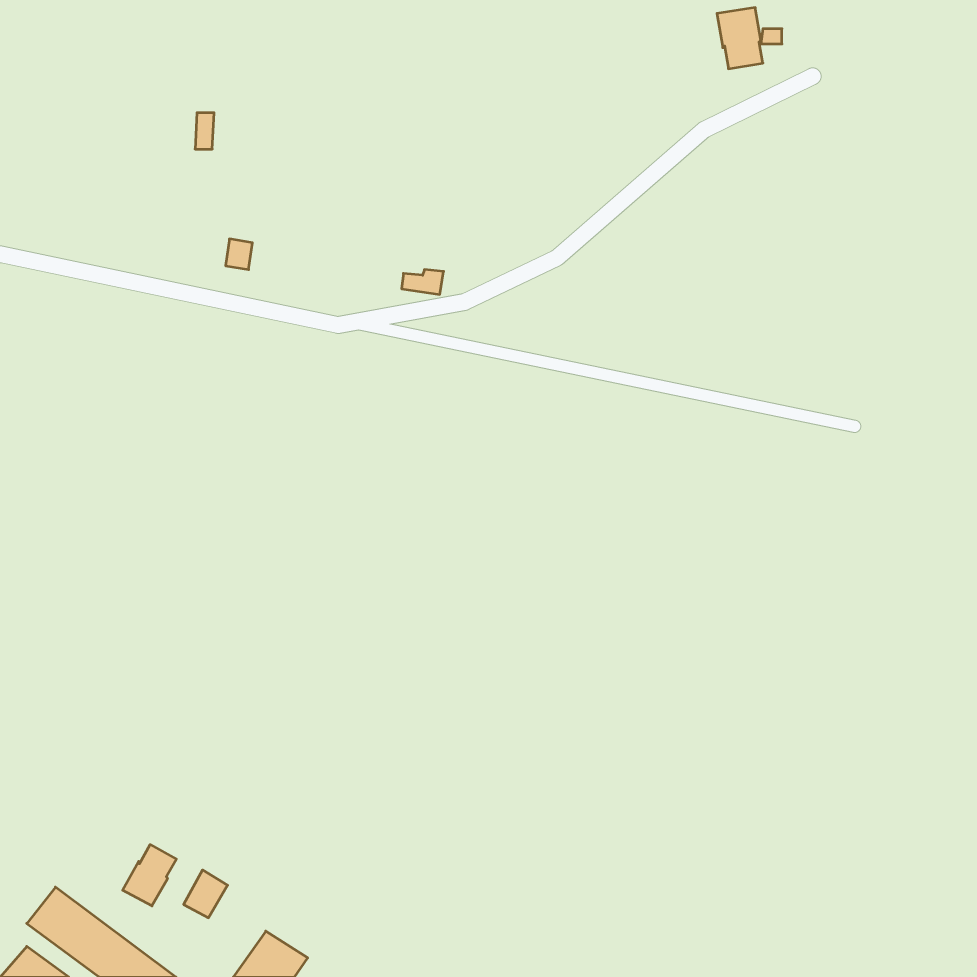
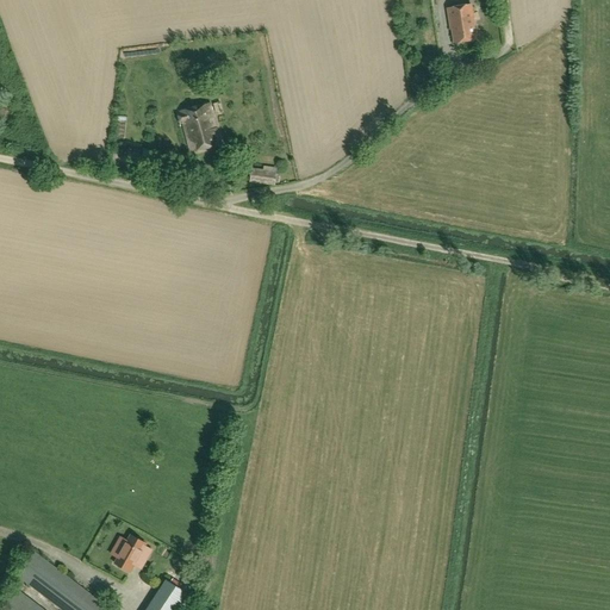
building: none -> [179,102,220,152]
building: [123,845,176,906] -> none

